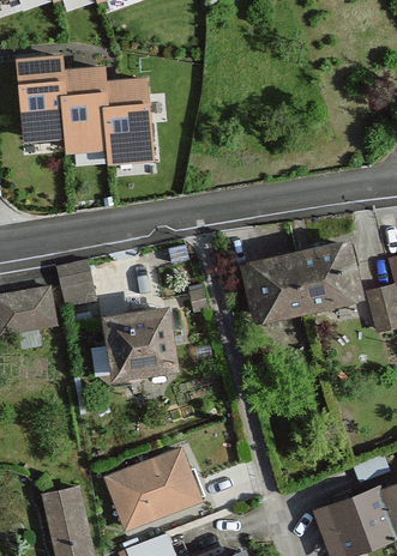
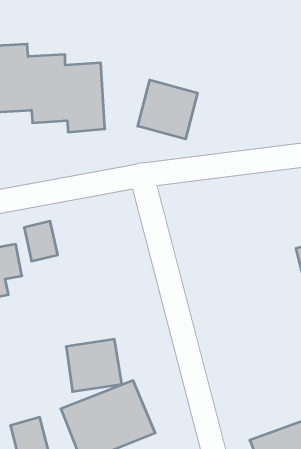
building: none -> [138,80,198,139]
building: [247,246,356,318] -> none
building: [108,313,172,373] -> [66,339,122,392]

